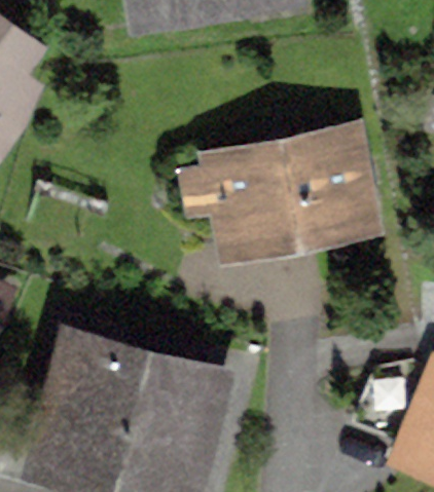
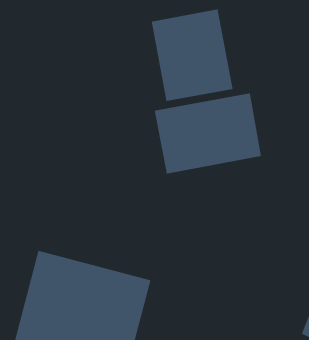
building: none -> [151,8,233,102]

